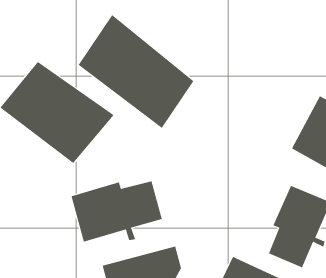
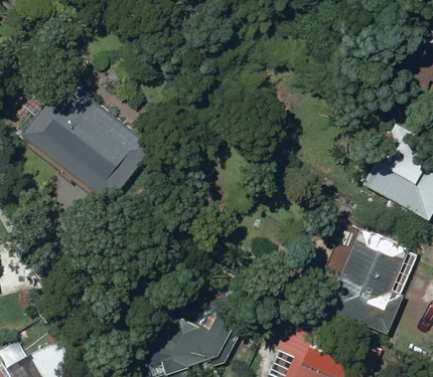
building: [78,14,194,129] -> none
building: [71,181,163,242] -> none

